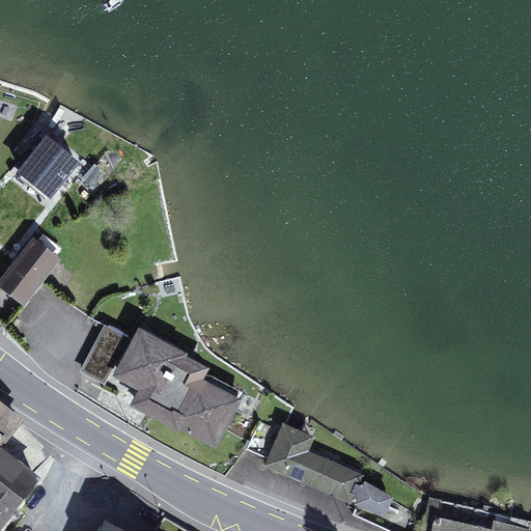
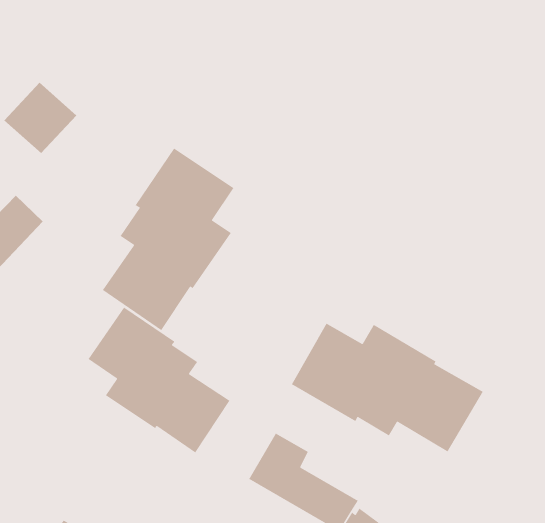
building: none -> [102,147,235,331]
building: none -> [291,322,484,453]

